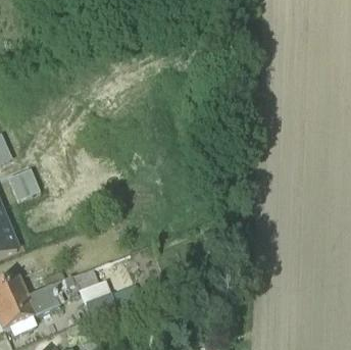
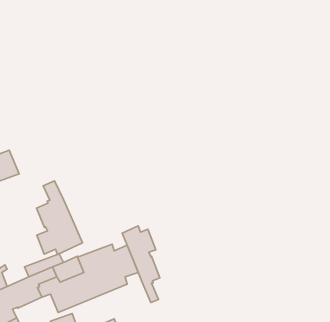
building: none -> [36,181,83,255]
building: none -> [122,226,160,302]

